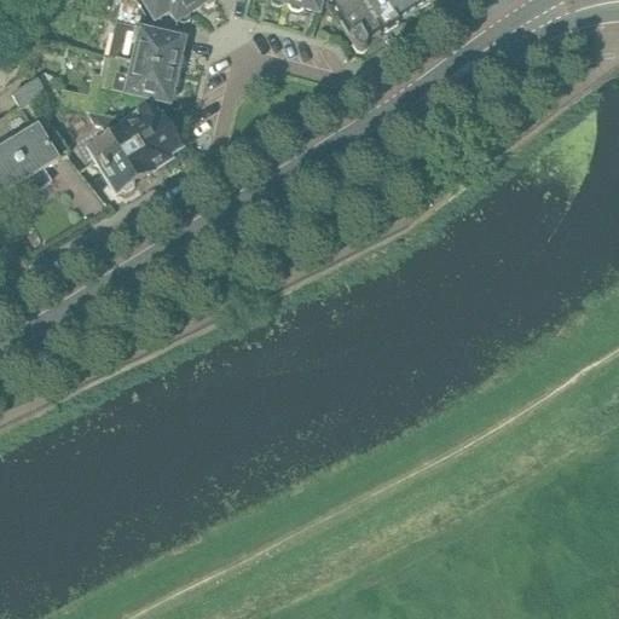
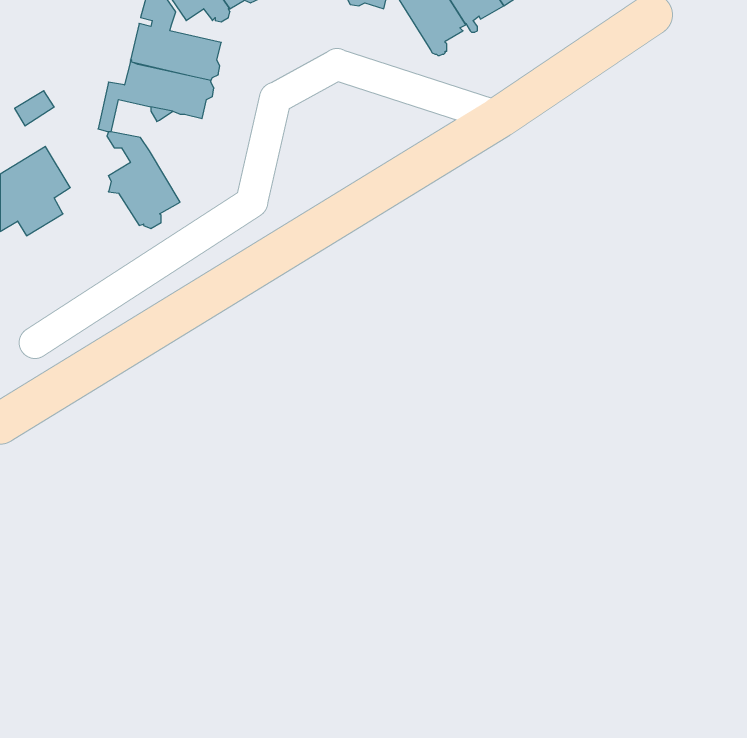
building: [125,94,179,169] -> none

